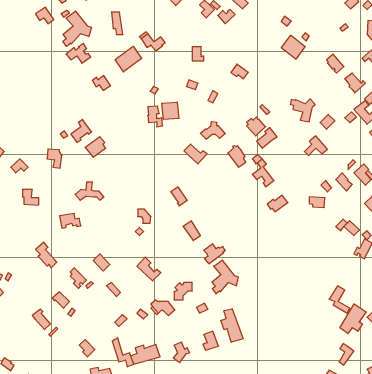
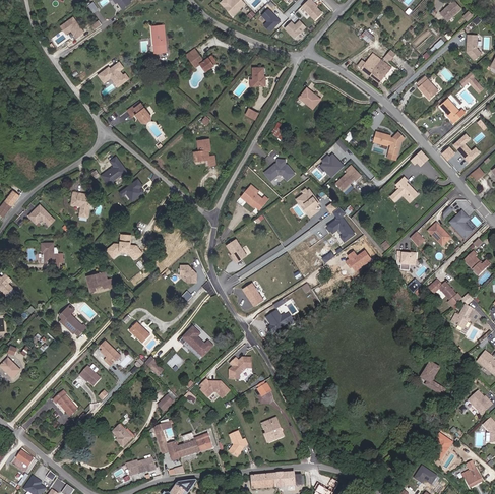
building: [63,11,91,46] -> none
building: [115,46,142,72] -> none
building: [162,102,179,120] -> none
building: [212,260,238,294] -> none
building: [340,304,366,334] -> none
building: [221,309,243,342] -> none

